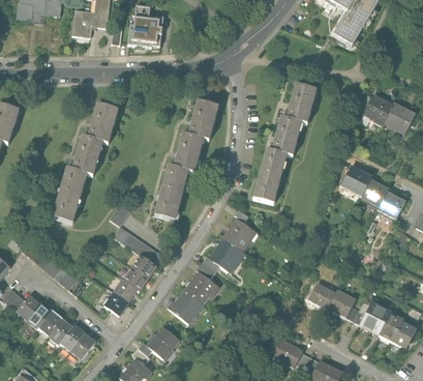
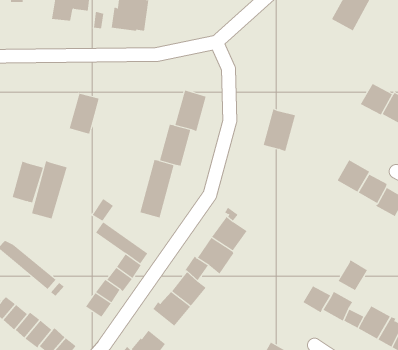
building: [284,86,315,125] -> none
building: [72,135,102,174] -> [12,161,44,203]
building: [251,150,285,205] -> none
building: none -> [338,259,368,291]

